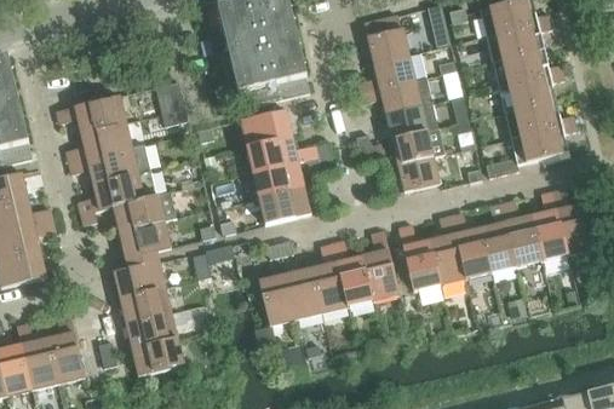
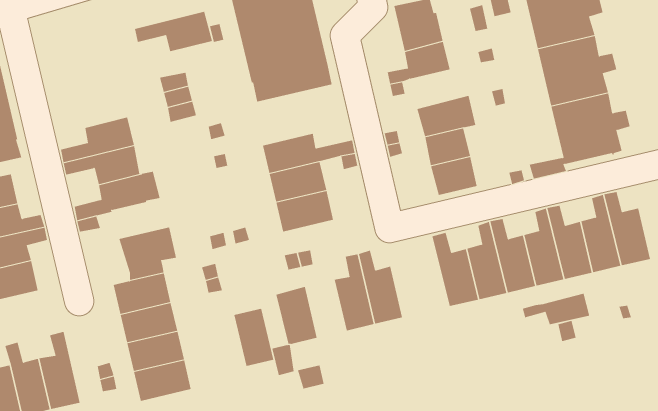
building: [378,76,431,114] -> none
building: [56,94,126,131] -> [134,11,213,52]
building: [239,109,292,146] -> none
building: [111,190,176,230] -> none
building: [361,230,398,300] -> none
building: [285,266,321,318] -> [233,308,274,366]
building: none -> [522,293,590,325]

